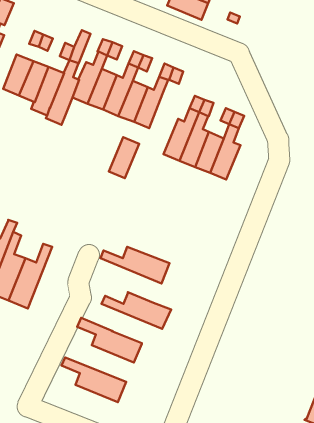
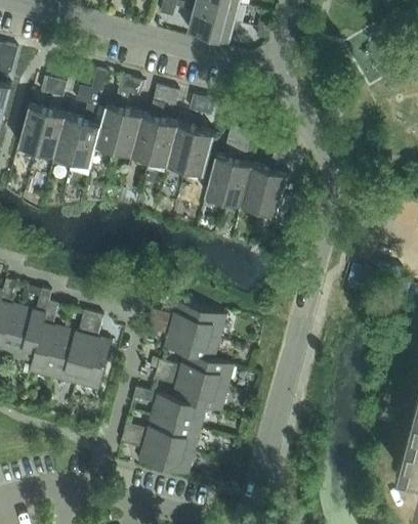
building: [109,137,139,178] -> [185,129,215,174]
building: none -> [76,313,112,390]
building: none -> [147,319,220,361]
building: none -> [155,369,227,412]
building: none -> [124,417,201,452]

